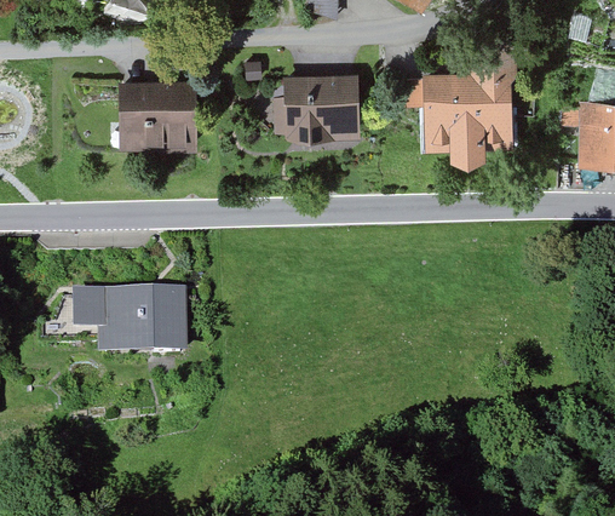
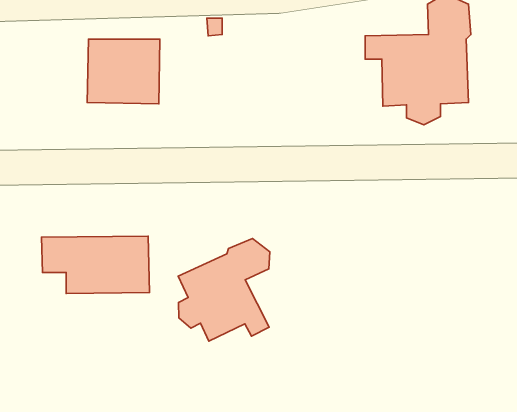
building: [271,76,358,141] -> none
building: none -> [178,239,270,341]

